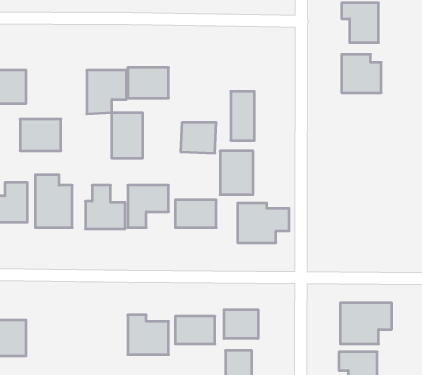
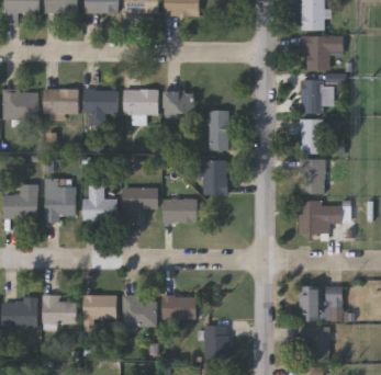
building: none -> [300,118,323,152]
building: [112,113,142,158] -> none
building: [20,119,61,151] -> [44,89,78,115]
building: [181,123,216,153] -> [163,91,192,116]
building: none -> [300,159,324,193]
building: [238,203,289,243] -> [298,201,340,234]
building: [224,310,258,339] -> none
building: none -> [42,295,76,325]
building: none -> [87,297,120,332]

